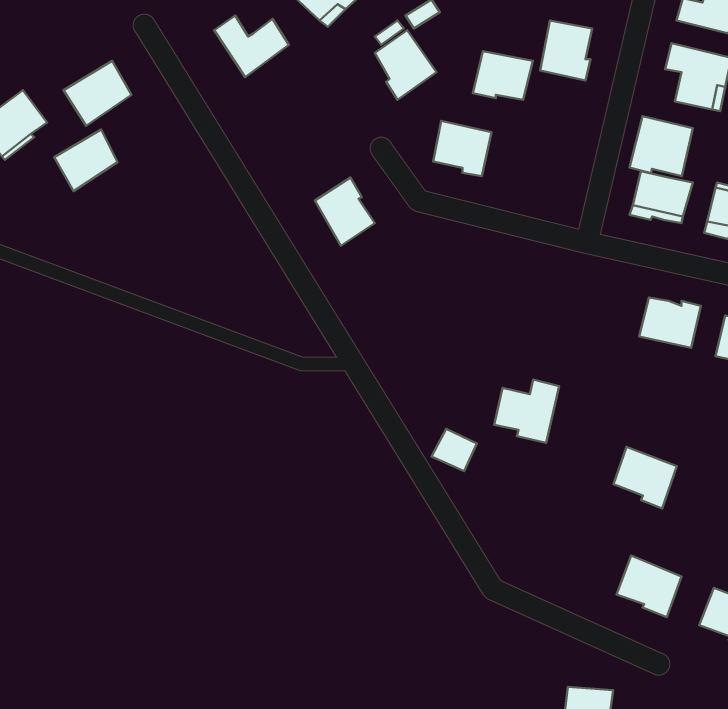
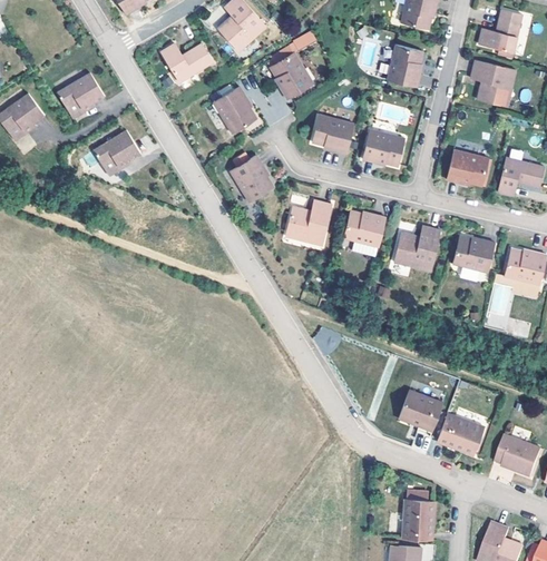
building: [473,51,533,100] -> [362,130,403,164]
building: none -> [213,85,254,131]
building: [630,116,693,176] -> none
building: [54,130,117,191] -> [96,131,139,174]
building: none -> [286,198,331,240]
building: none -> [343,209,383,242]
building: [494,380,559,443] -> [397,226,441,269]
building: [613,447,677,508] -> [398,391,441,433]

